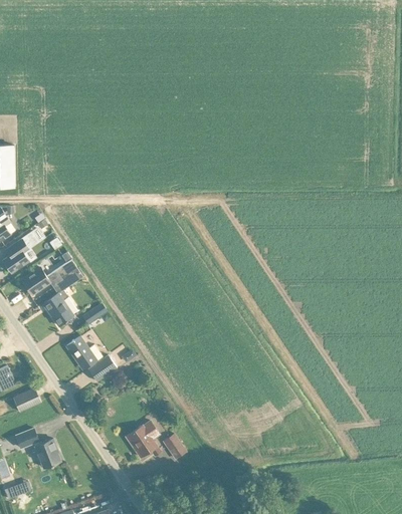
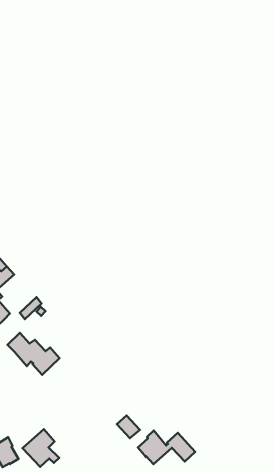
building: [125,421,160,458] -> [22,429,59,467]
building: none -> [138,431,195,464]

